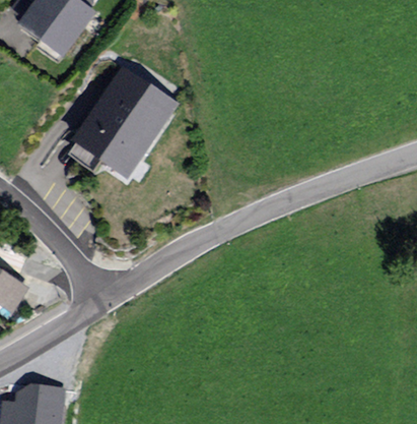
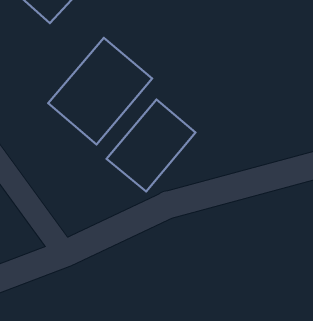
building: none -> [106,99,196,192]

